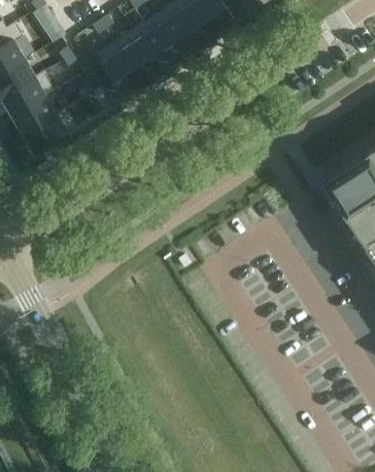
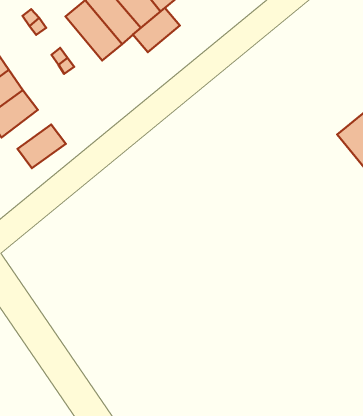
building: none -> [133,8,180,52]
building: none -> [17,124,66,168]

